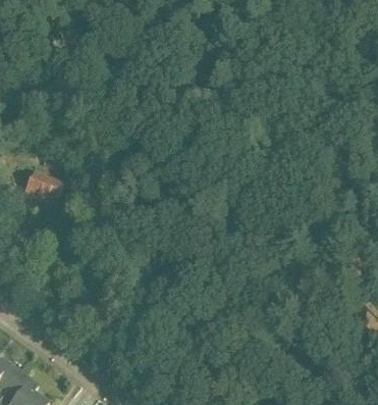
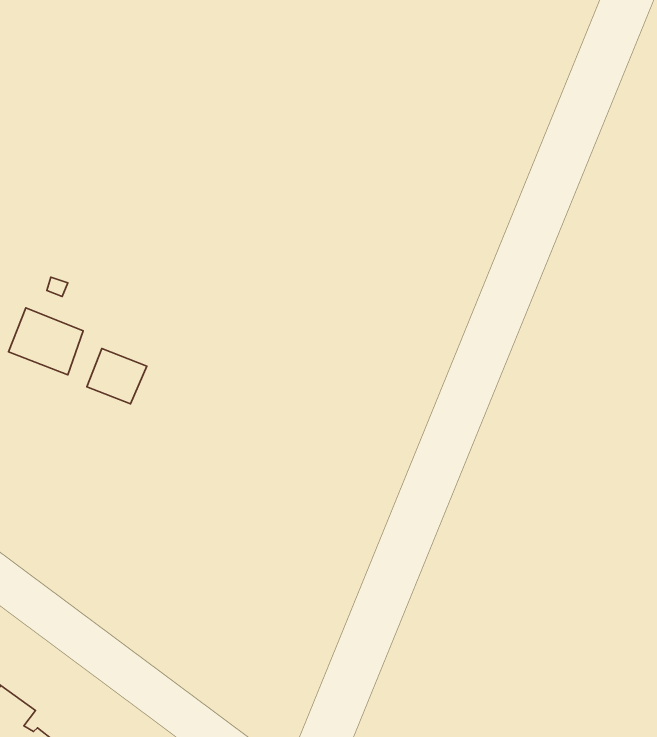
building: none -> [87,348,147,404]

